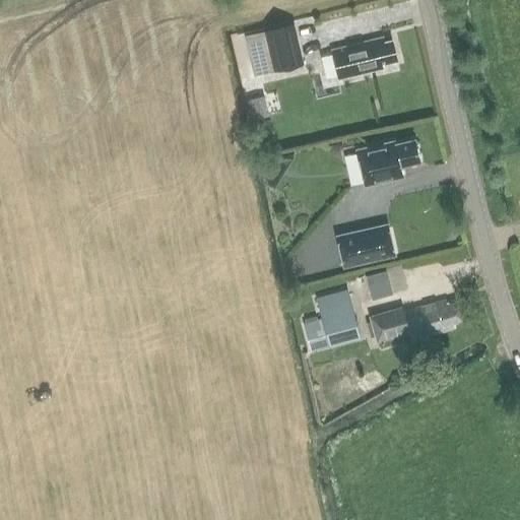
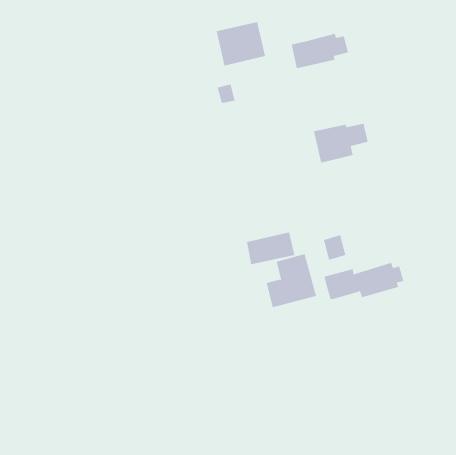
building: [338,229,394,266] -> [246,232,295,265]

